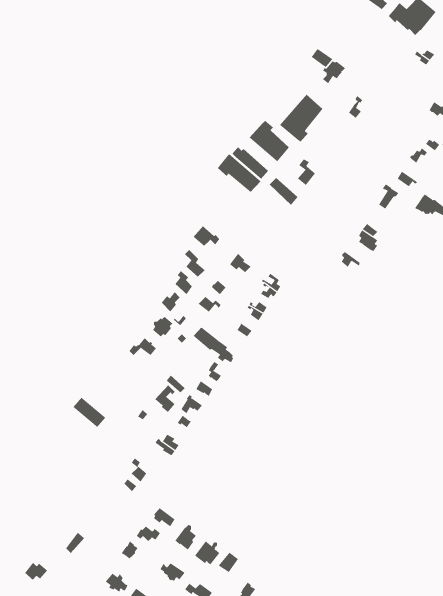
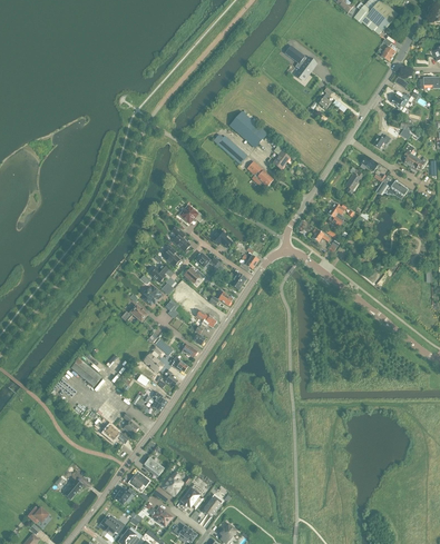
building: [279,94,323,143] -> none
building: [217,153,261,193] -> none

